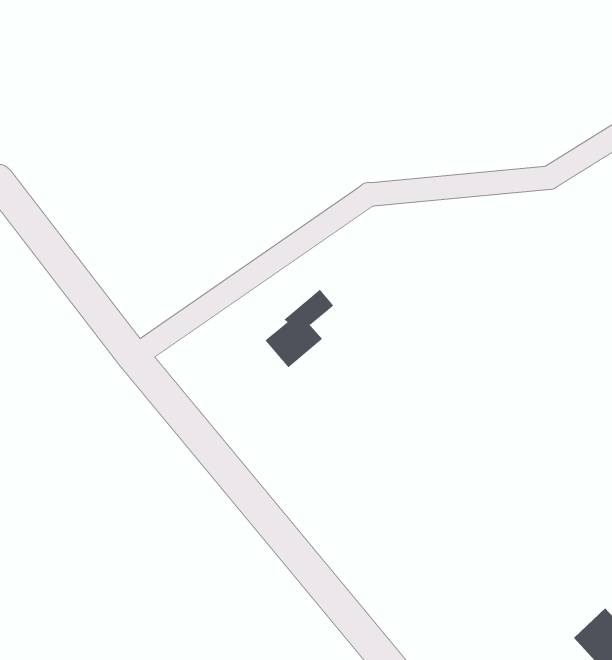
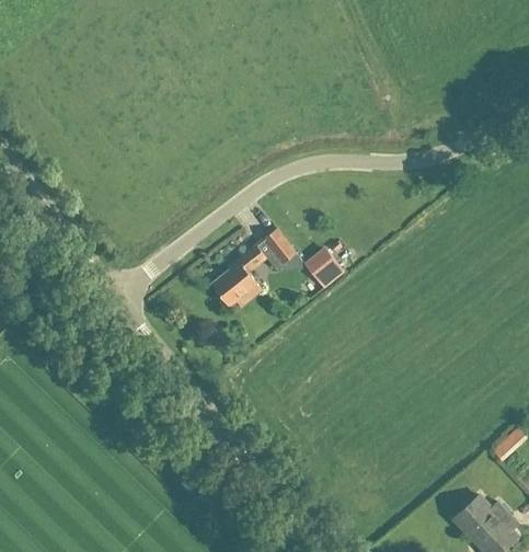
building: none -> [263,229,298,266]
building: none -> [304,249,345,290]

